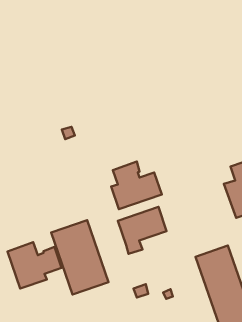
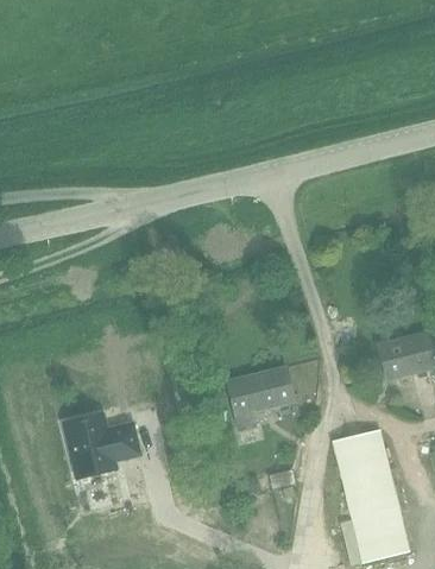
building: [111,162,162,209] -> none
building: [51,220,108,294] -> none

